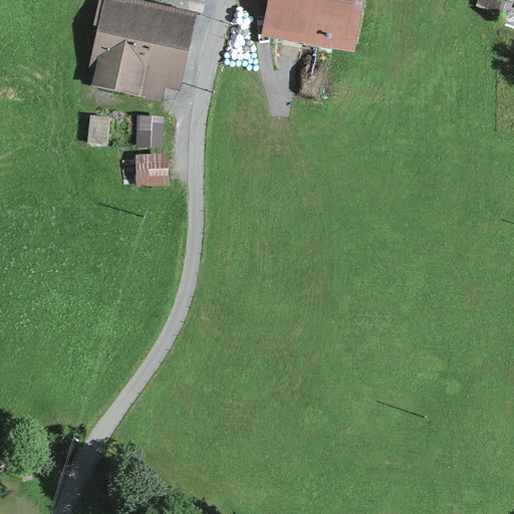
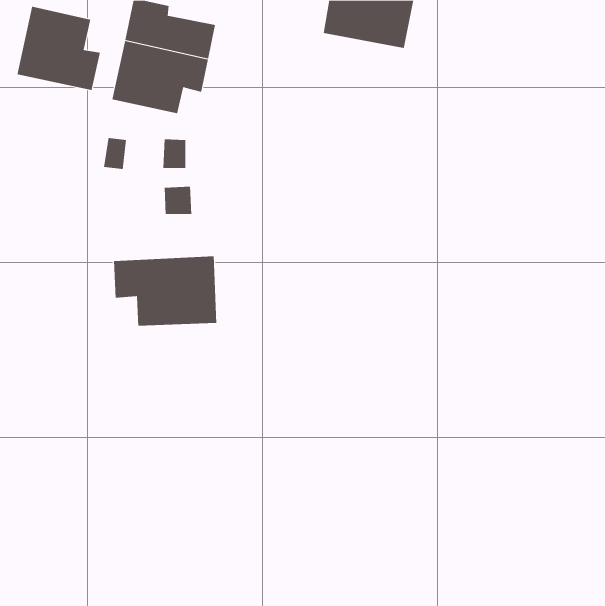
building: none -> [17,6,100,91]
building: none -> [114,256,217,327]

